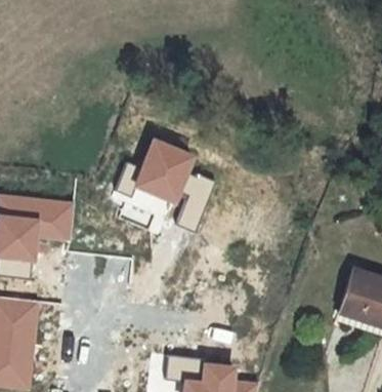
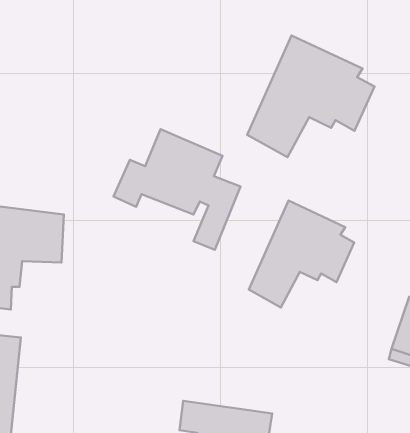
building: none -> [247,35,374,157]
building: none -> [249,201,354,307]

